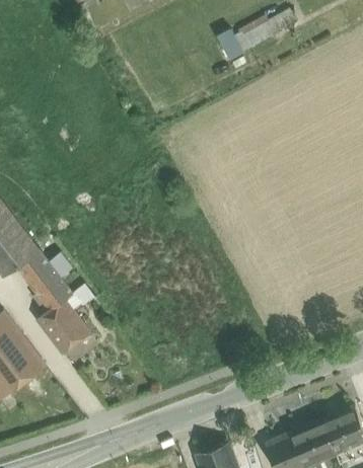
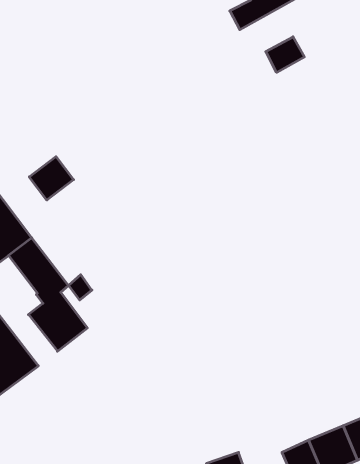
building: none -> [266,37,304,72]
building: none -> [29,157,74,200]

